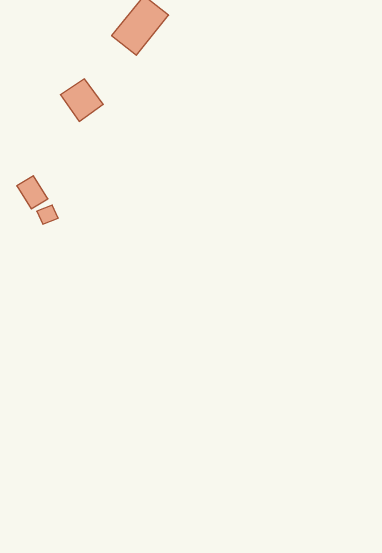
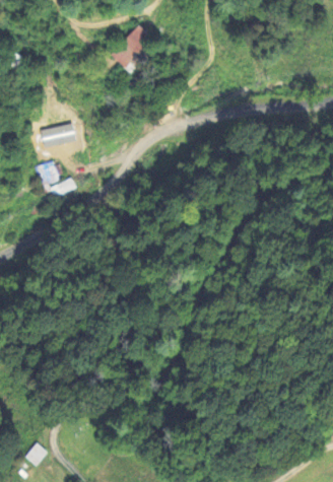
building: [60,79,103,121] -> [44,124,76,156]

